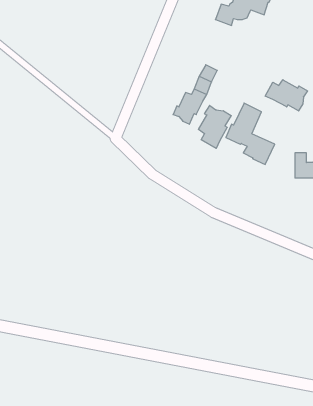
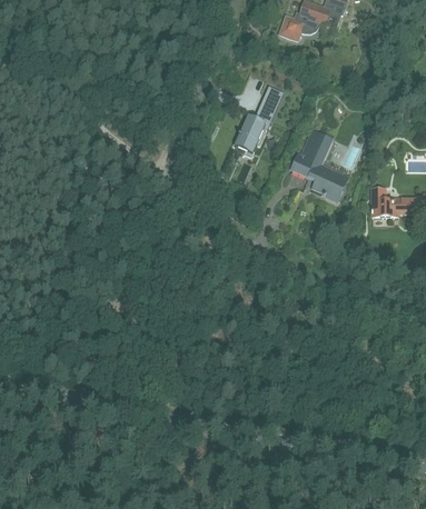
building: [265,80,308,111] -> none
building: [198,105,231,148] -> none

